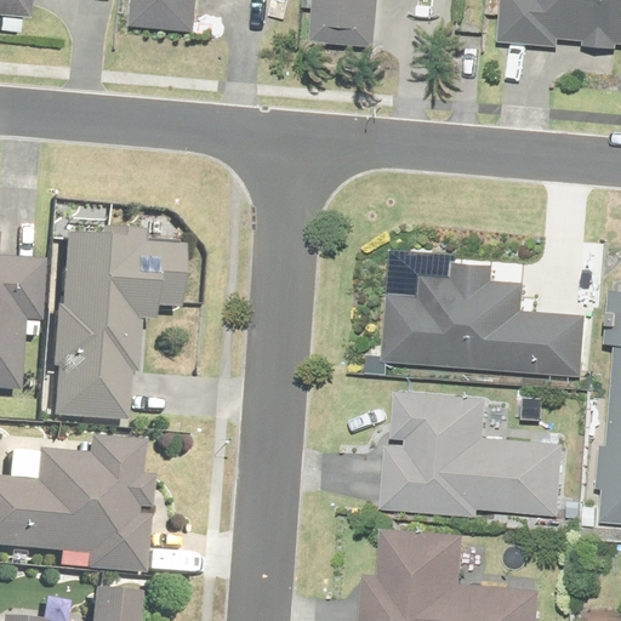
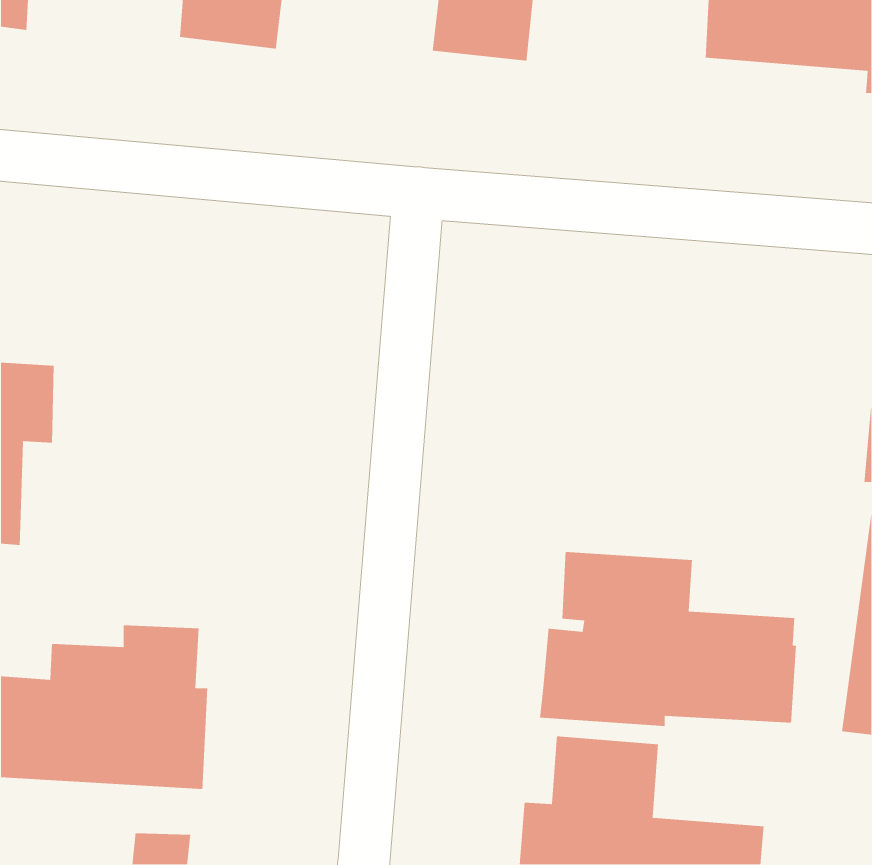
building: [44,232,177,423] -> none
building: [389,263,576,377] -> none

